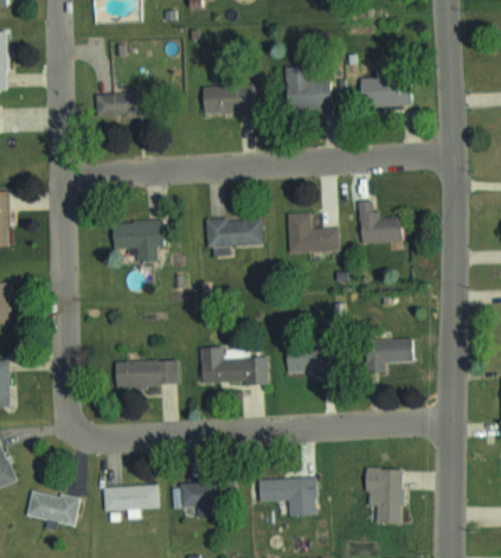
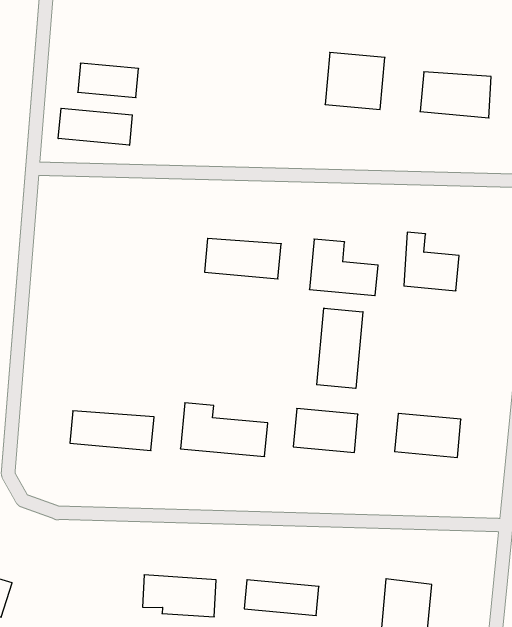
building: [203,85,256,115] -> none
building: none -> [58,108,132,145]
building: [113,220,160,261] -> none
building: none -> [317,308,363,388]
building: [104,486,160,509] -> none

